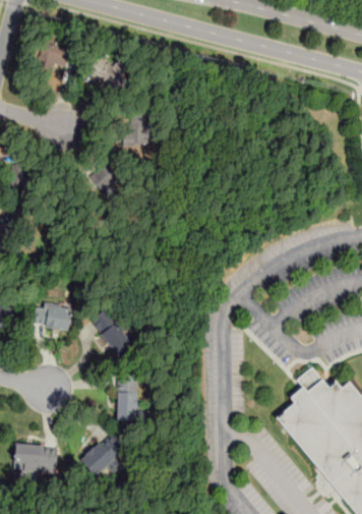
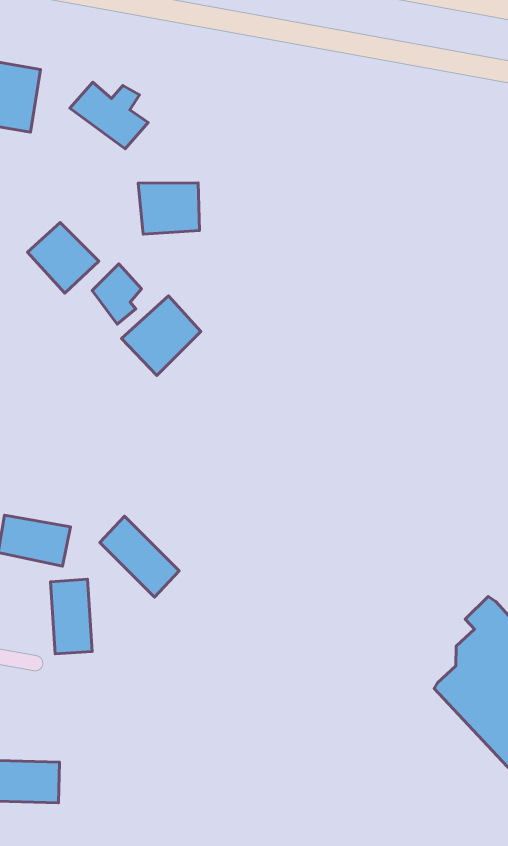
building: none -> [28,223,99,293]
building: none -> [122,296,201,375]
building: [117,379,138,420] -> [50,579,92,654]
building: [80,433,126,478] -> none

